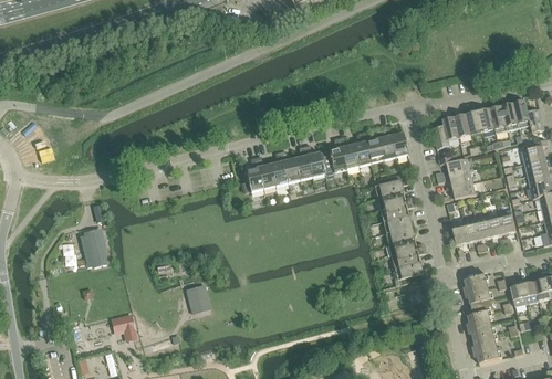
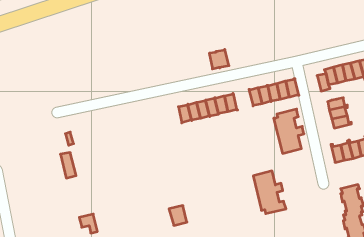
building: [319,146,345,172] -> [209,49,229,69]
building: [385,225,429,283] -> [253,171,286,214]
building: [185,285,209,312] -> [169,206,187,225]

